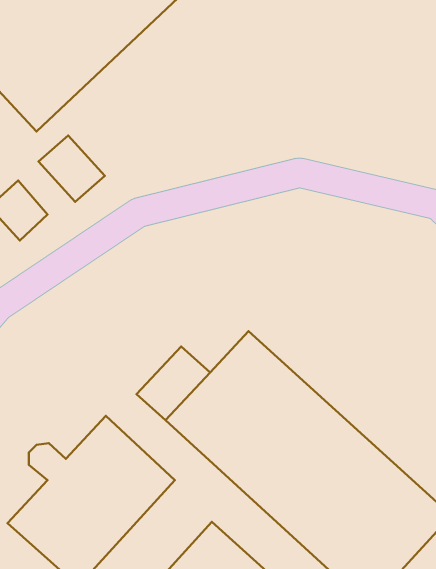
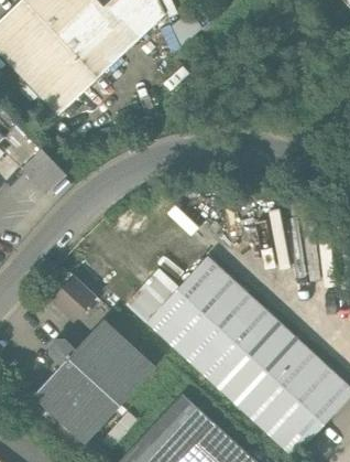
building: [39,136,105,202] -> none
building: none -> [54,278,96,321]

